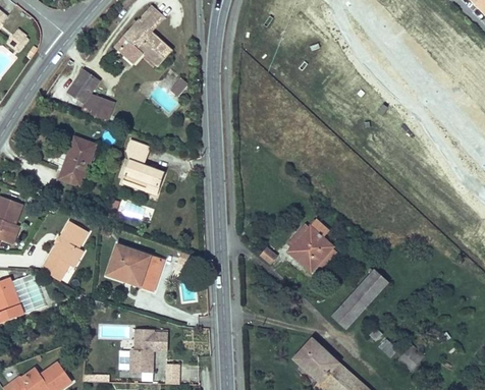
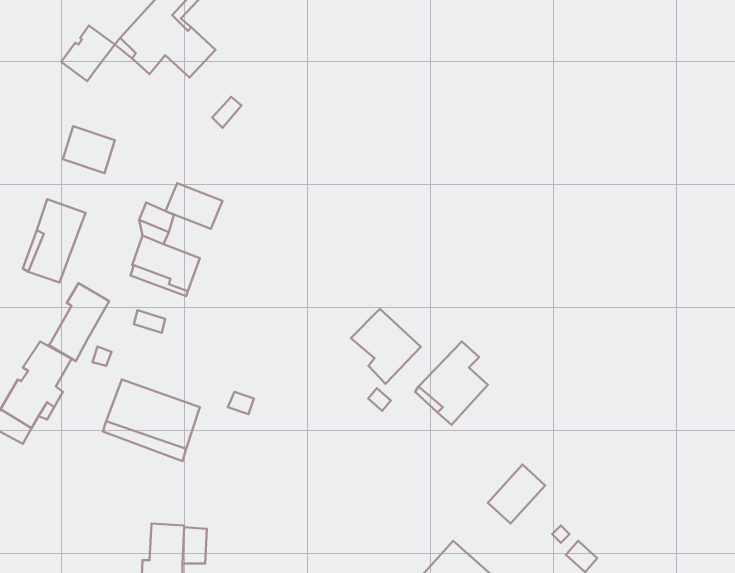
building: [67,70,99,103] -> [61,26,115,81]
building: none -> [165,183,222,229]
building: none -> [49,283,109,361]
building: none -> [351,309,421,384]
building: [353,270,387,305] -> none

